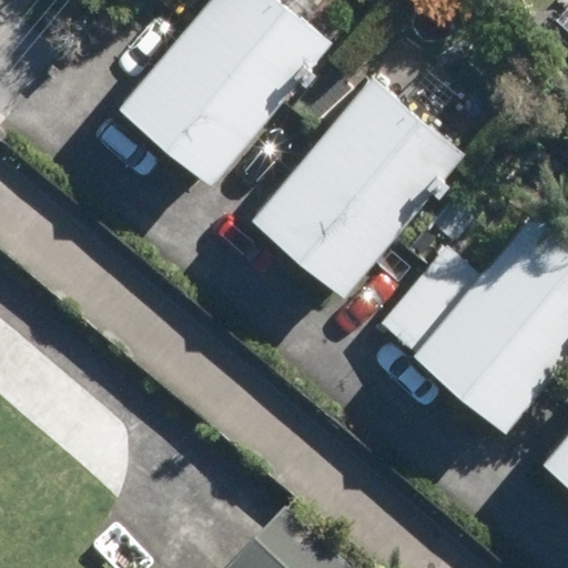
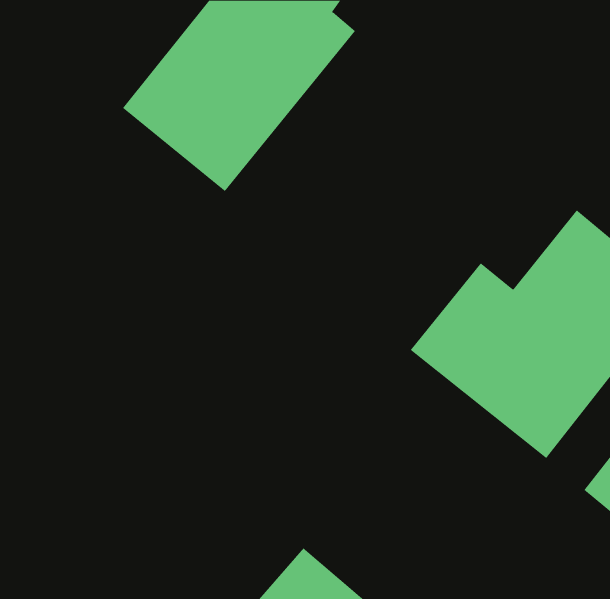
building: [251,74,468,301] -> none

